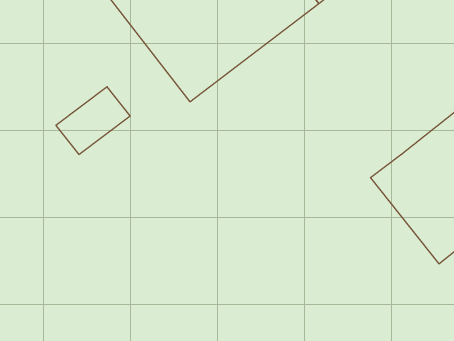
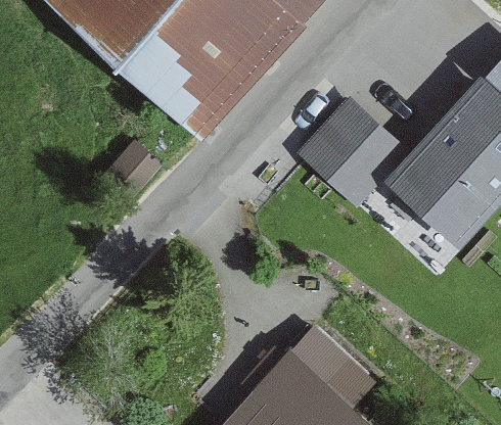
building: none -> [293,98,408,211]

